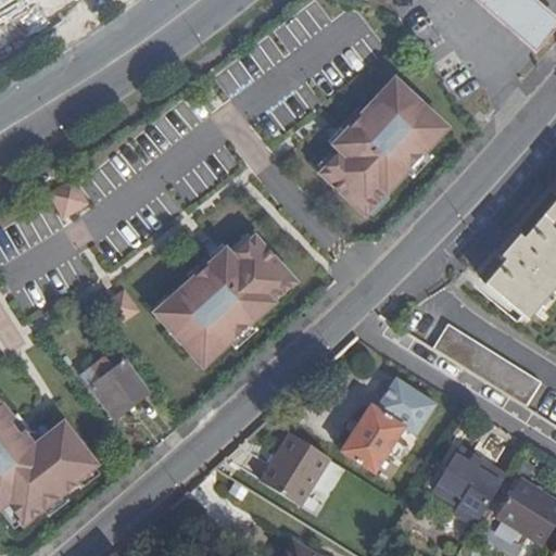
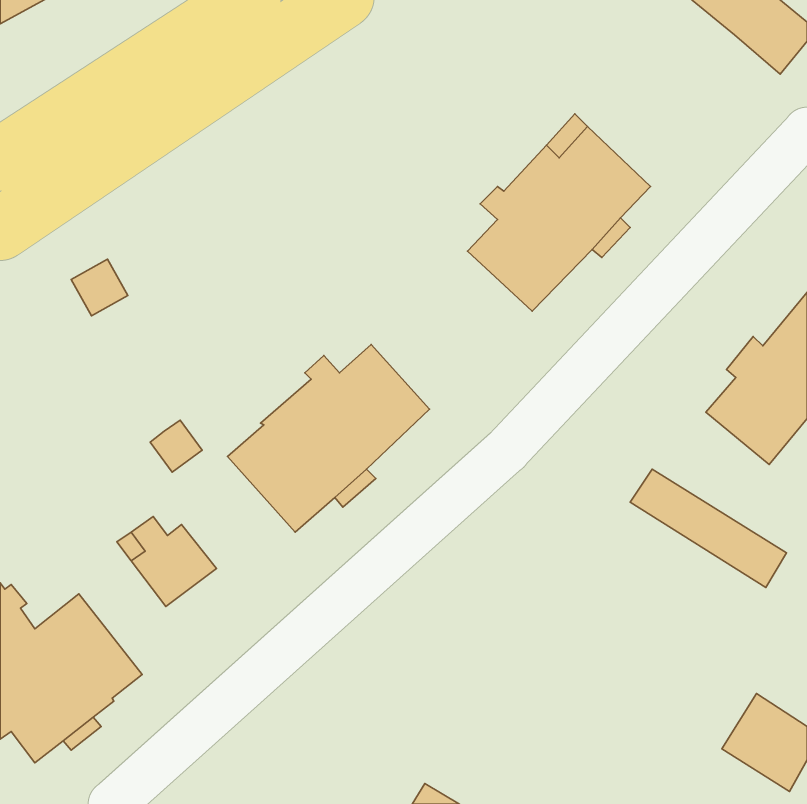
building: [340,377,437,472] -> none
building: [260,431,330,505] -> none
building: [431,444,506,525] -> none

